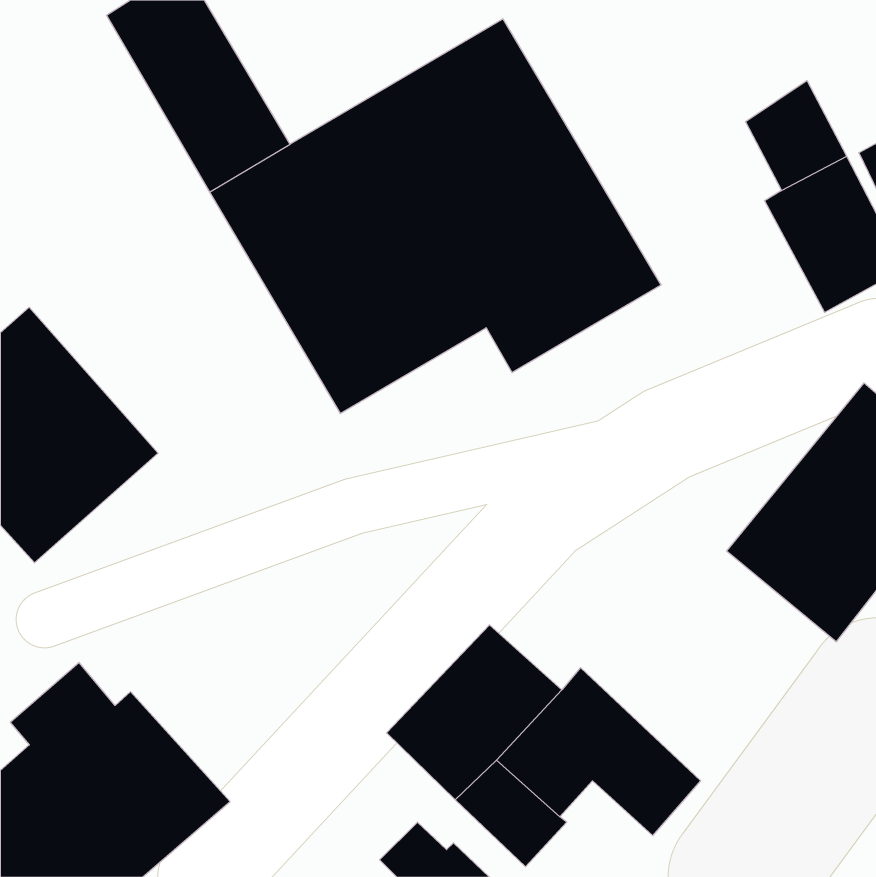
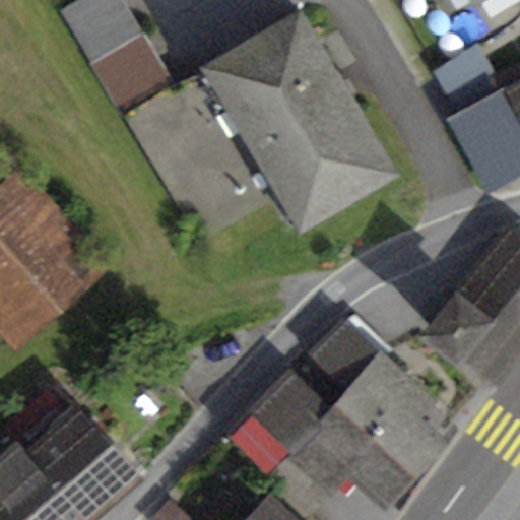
building: none -> [311,315,444,462]

